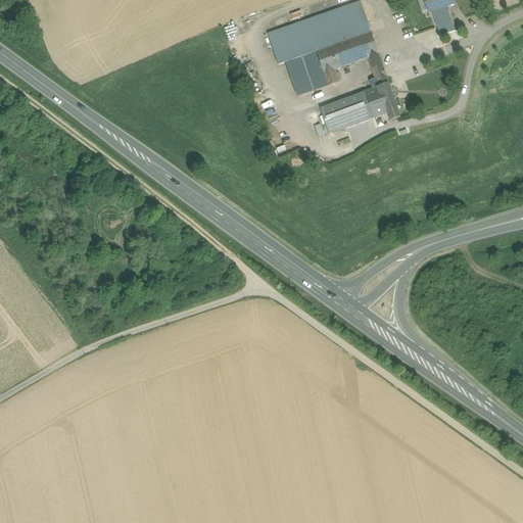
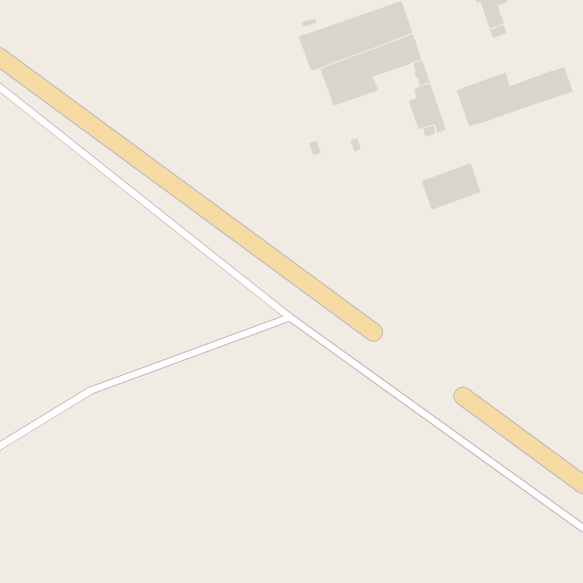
building: none -> [456,66,574,127]
building: [319,90,373,133] -> [421,162,482,211]

